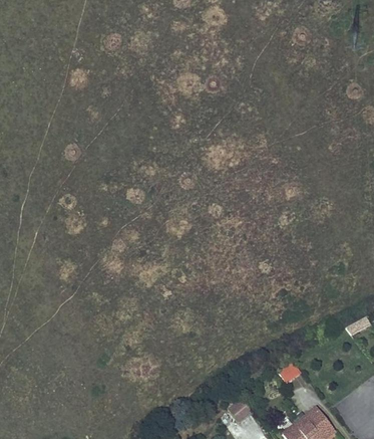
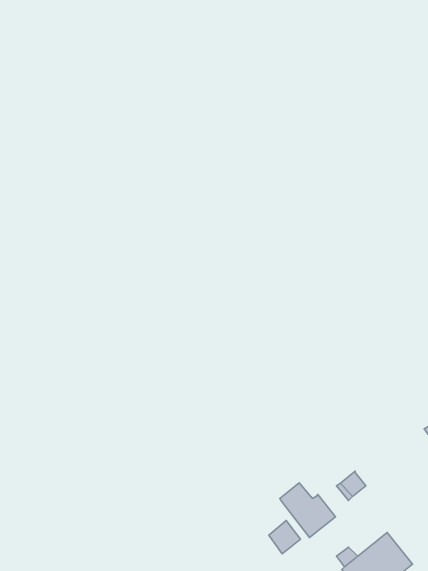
building: none -> [280,483,335,537]

